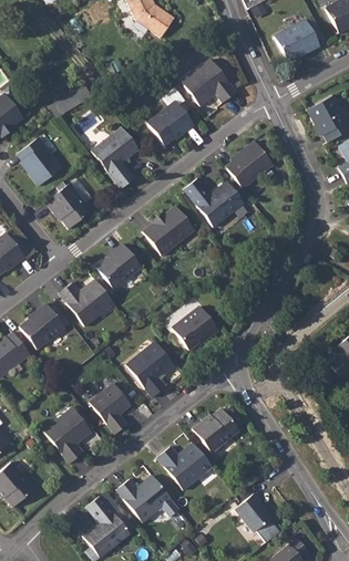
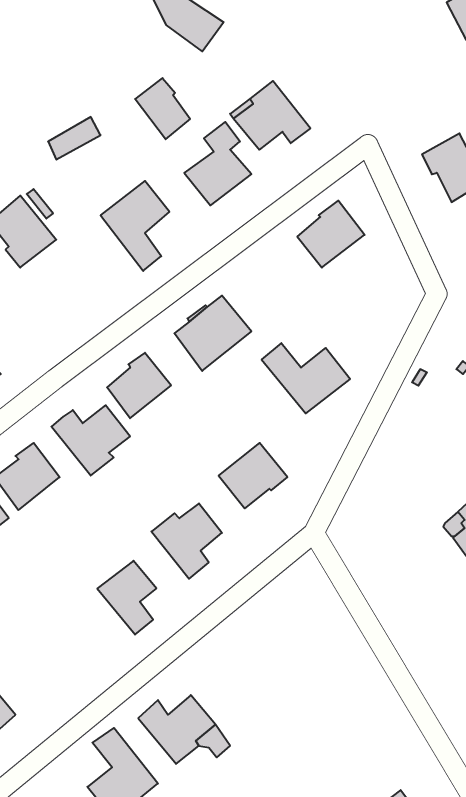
building: [274,18,320,60] -> none
building: none -> [135,78,190,139]
building: [182,178,242,226] -> [262,343,350,413]
building: [45,184,91,228] -> none
building: [193,405,243,451] -> none
building: [44,411,91,463] -> none
building: [157,441,209,489] -> none
building: [233,494,269,532] -> none

